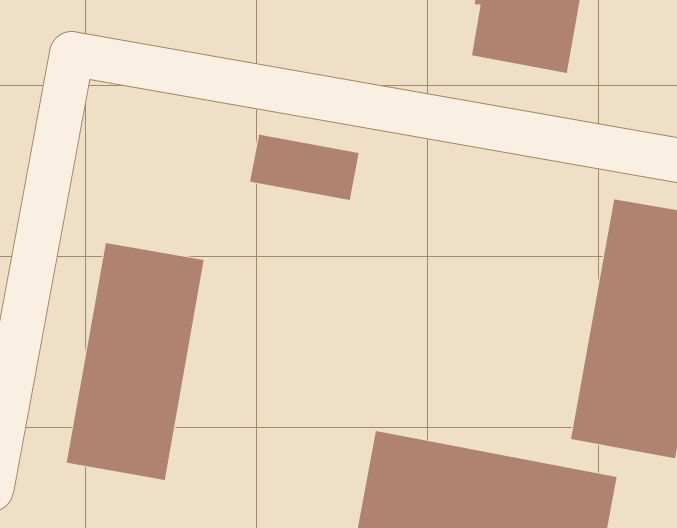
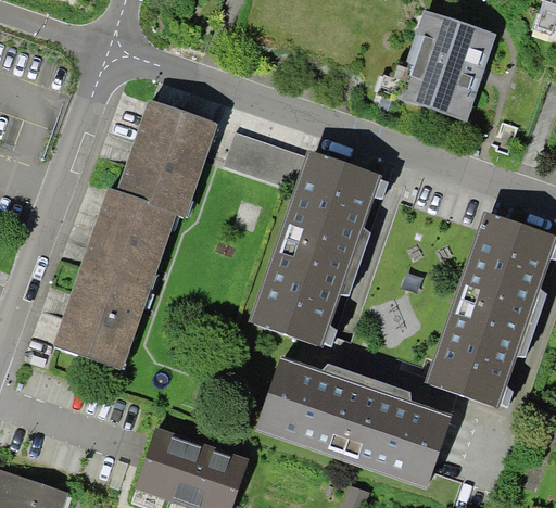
building: none -> [115,100,219,216]
building: none -> [252,152,386,346]

